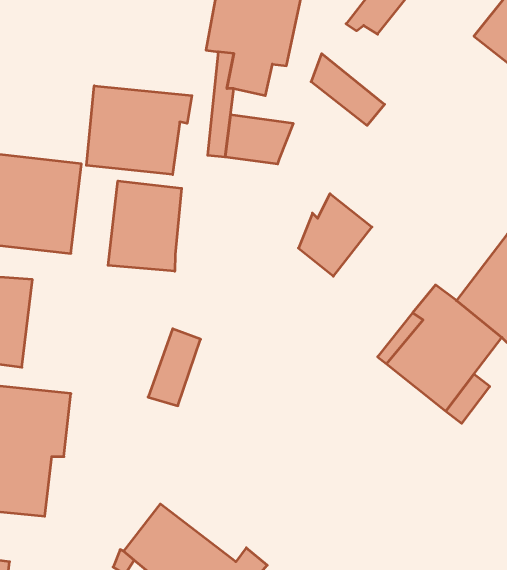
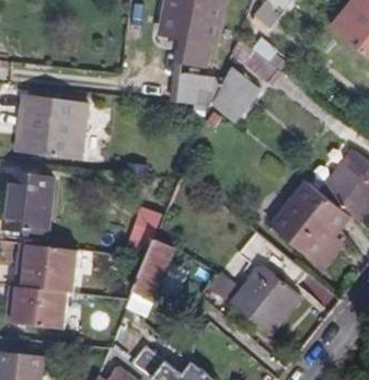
building: [86,86,192,175] -> none
building: [108,181,182,271] -> none
building: [298,194,372,276] -> [210,68,256,119]
building: none -> [135,239,176,300]
building: none -> [232,266,300,334]

